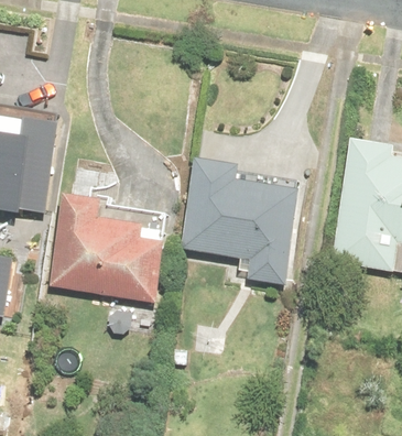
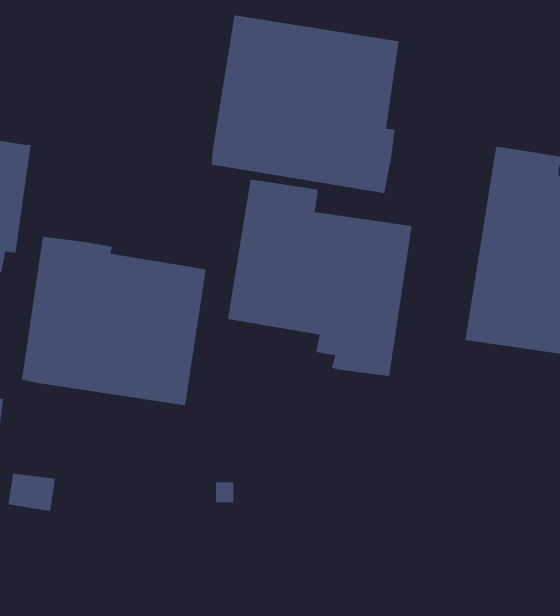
building: none -> [211,14,399,194]

